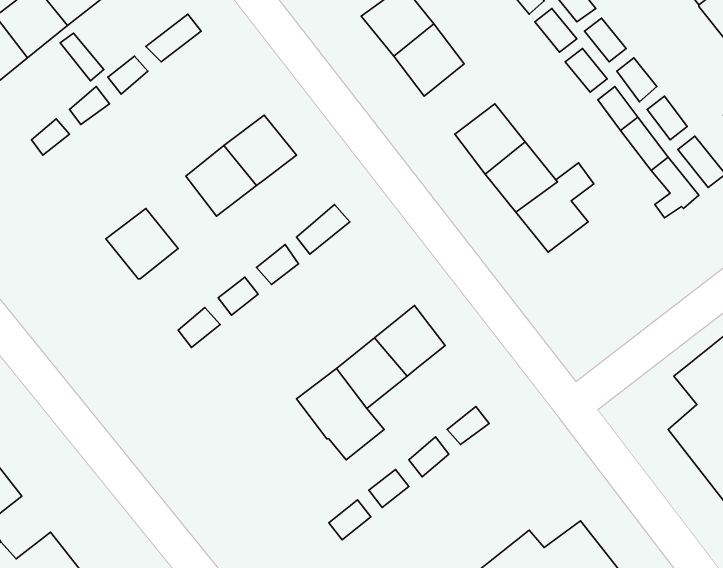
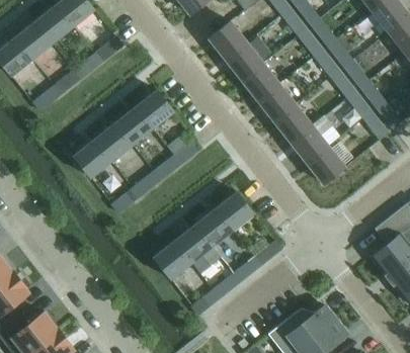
building: none -> [242,63,279,100]
building: none -> [94,122,132,161]
building: none -> [308,147,345,184]
building: none -> [153,241,190,279]

